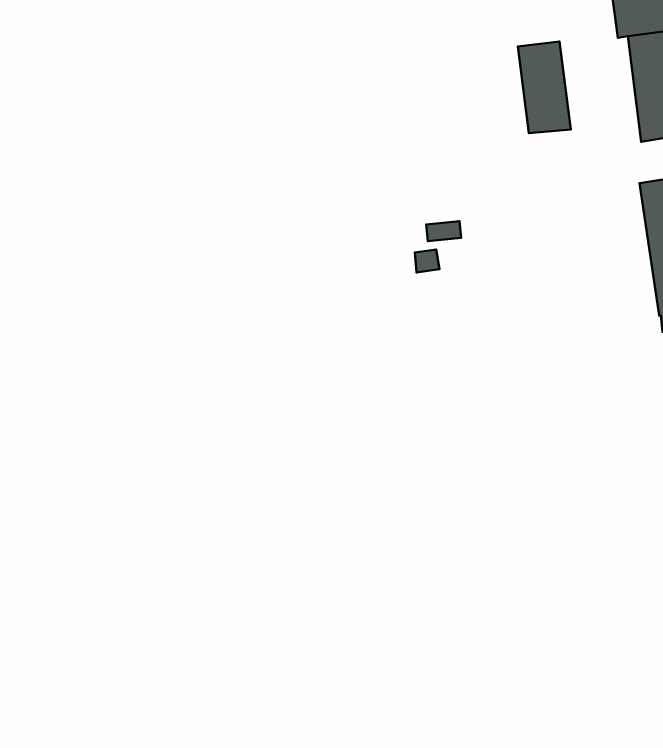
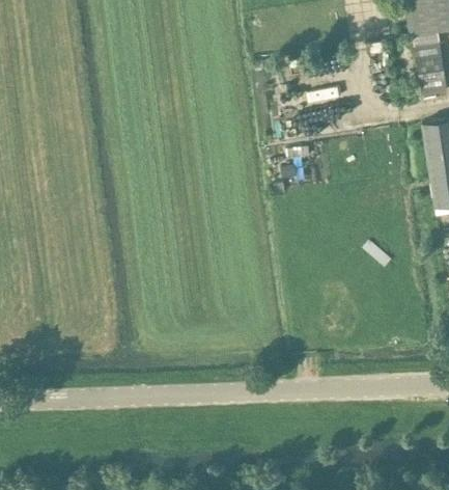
building: [518,41,571,133] -> none

